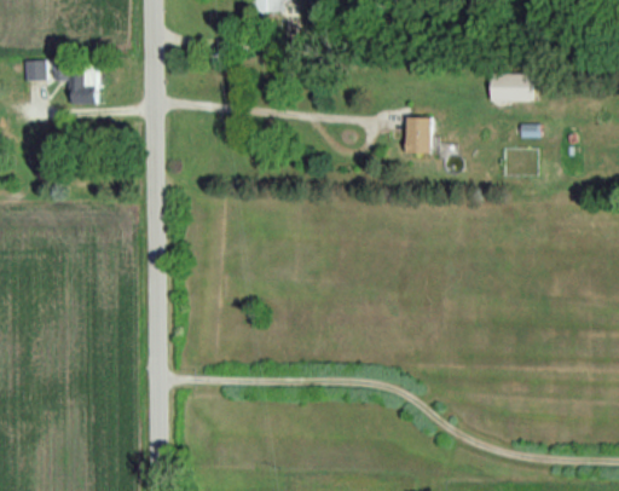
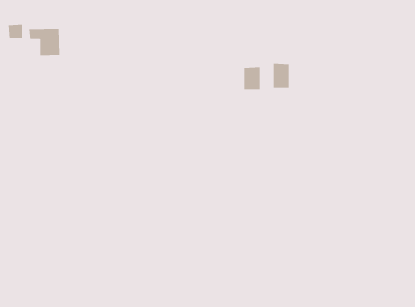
building: [491,74,532,102] -> none
building: none -> [244,67,260,90]

